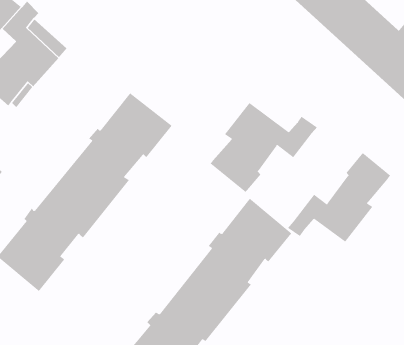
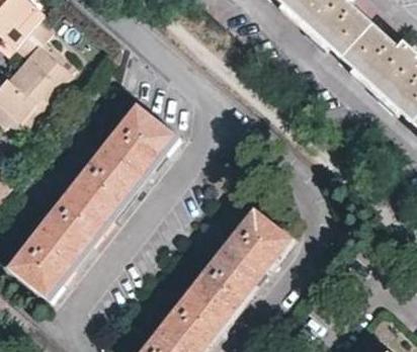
building: [210,102,318,193] -> none
building: [287,152,391,242] -> none

